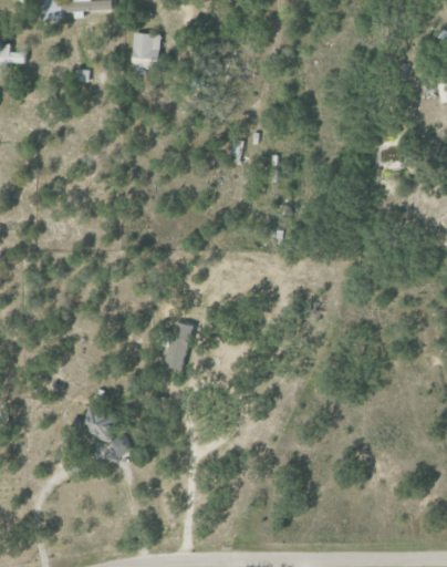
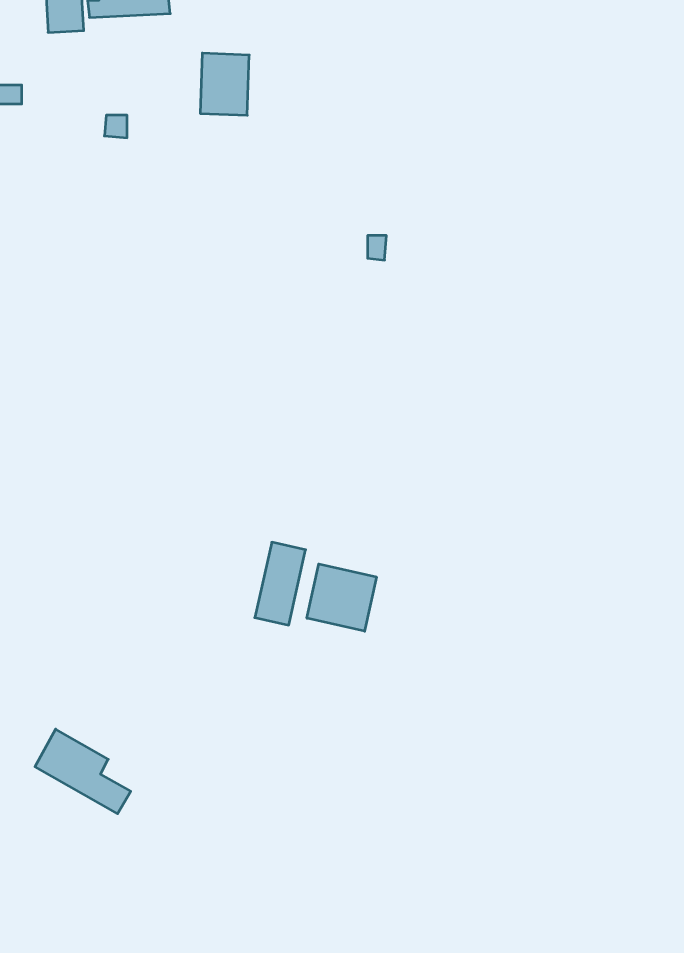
building: none -> [307,564,376,631]
building: [75,405,132,455] -> [35,729,131,814]

